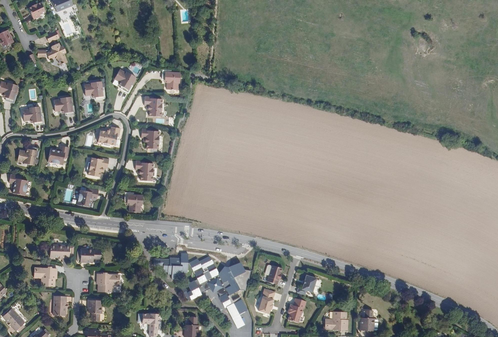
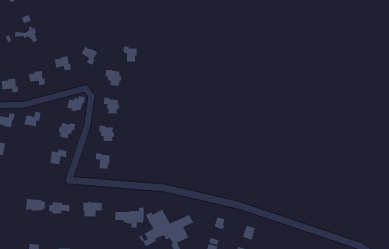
building: [33,267,57,287] -> none
building: [96,272,119,292] -> [83,200,102,217]

